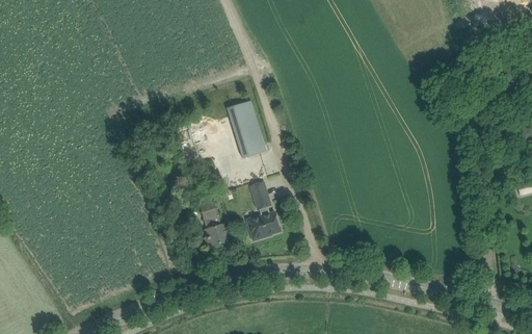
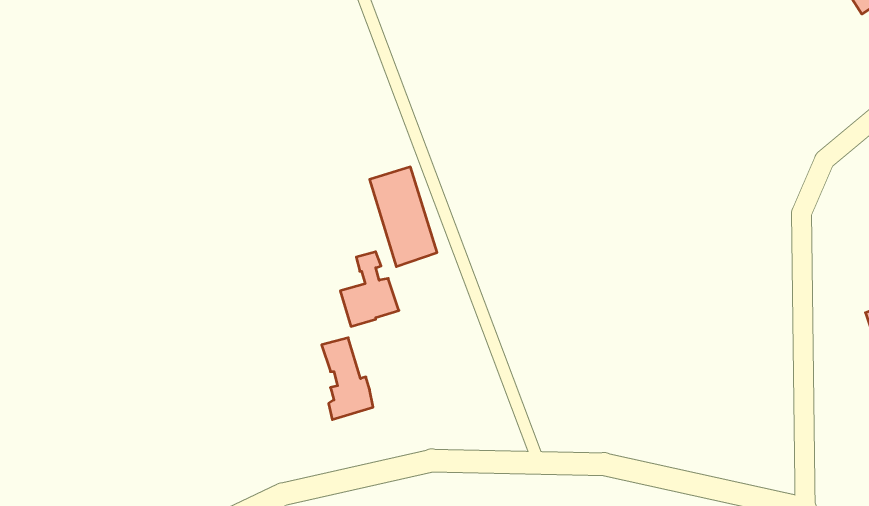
building: [246,196,281,239] -> [340,252,399,326]

